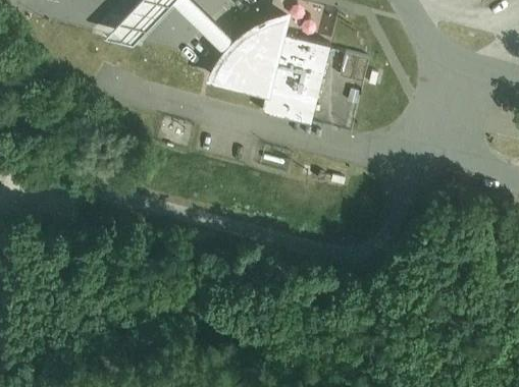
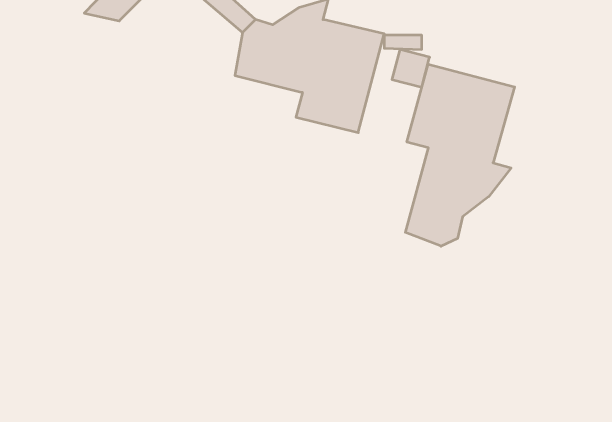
building: none -> [405,64,515,246]

